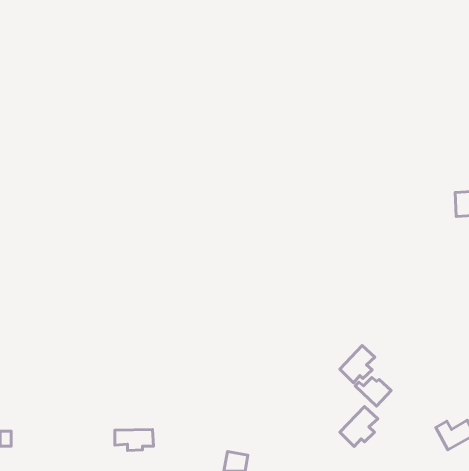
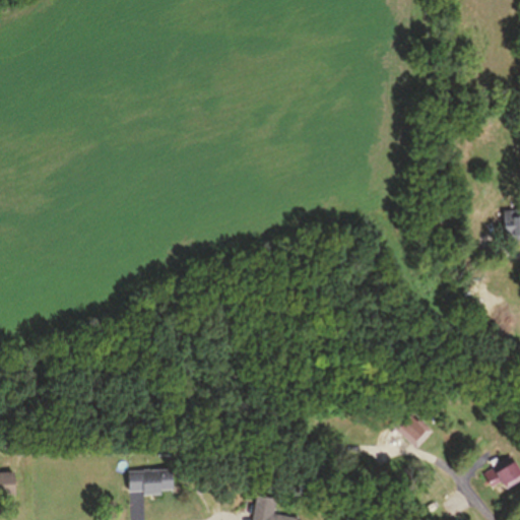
building: [340,346,375,383] -> none
building: [340,406,378,446] -> none

